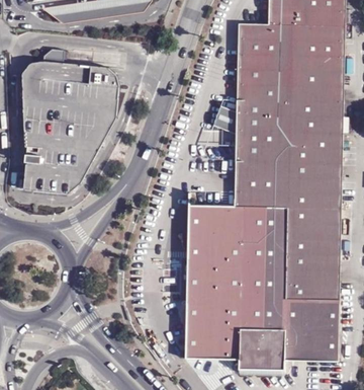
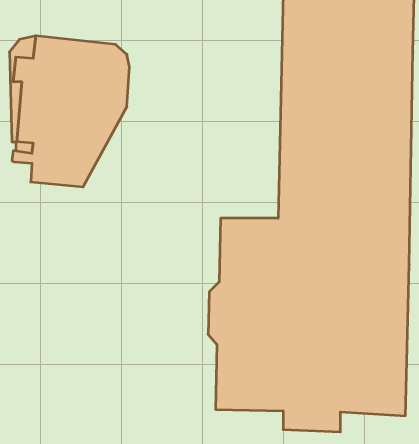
building: [18,159,77,190] -> none

